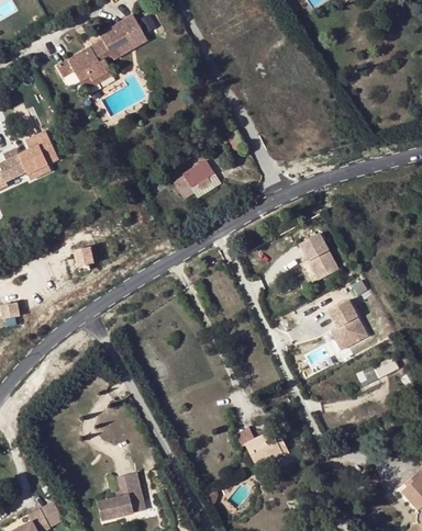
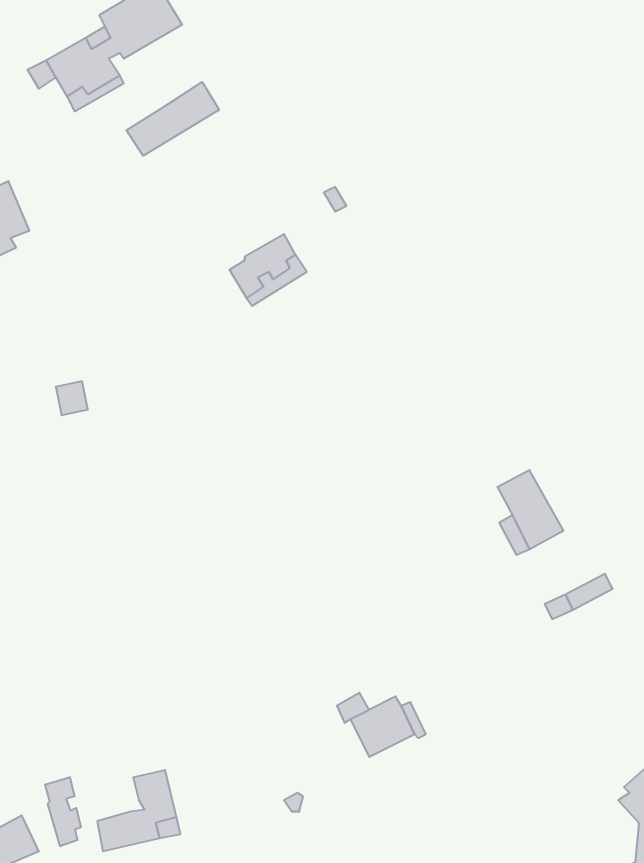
building: none -> [126,82,219,156]
building: [298,231,338,279] -> none
building: none -> [45,777,81,846]

